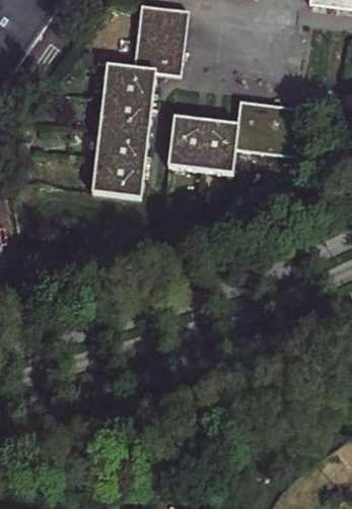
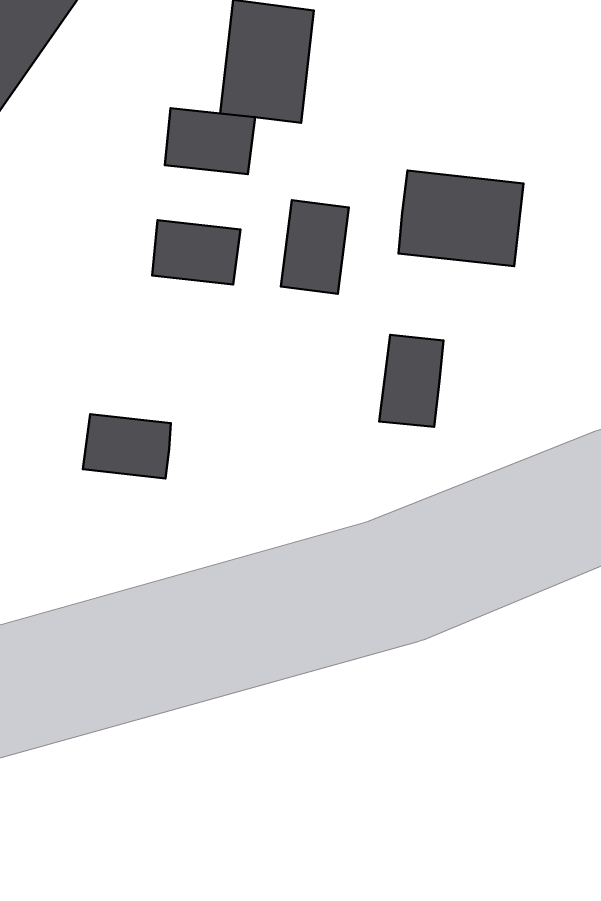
building: [99,101,149,136] -> none
building: [199,124,234,175] -> [379,335,443,427]
building: [92,162,141,197] -> [83,414,171,478]

